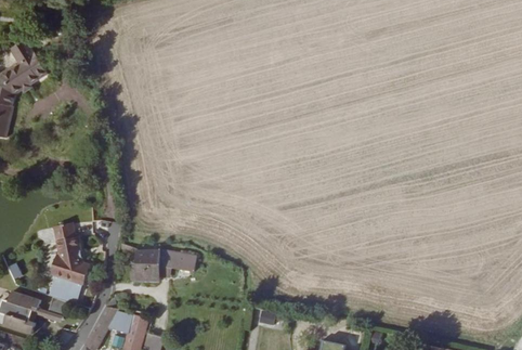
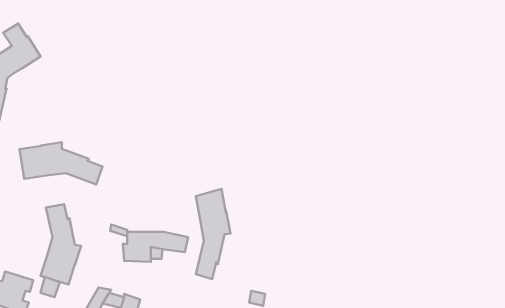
building: none -> [20,142,102,185]
building: none -> [196,189,230,279]

